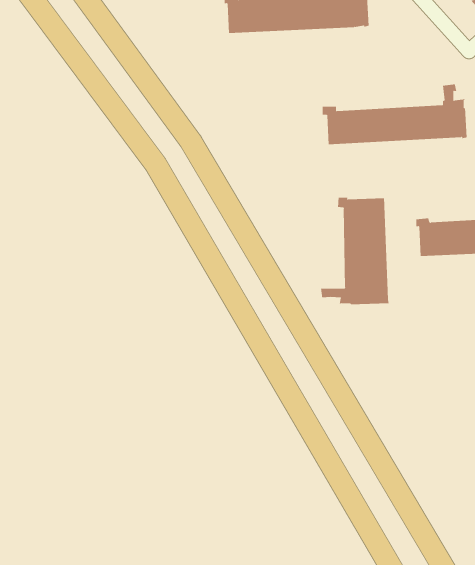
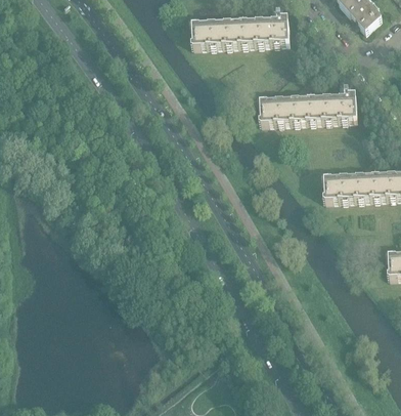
building: [321,197,389,305] -> none

